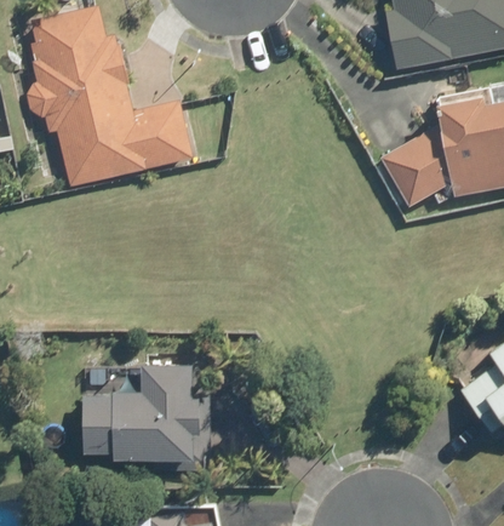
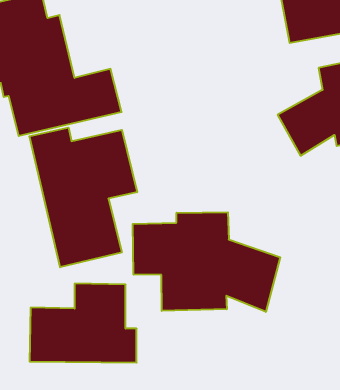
building: none -> [29,128,137,267]
building: none -> [133,212,280,312]

